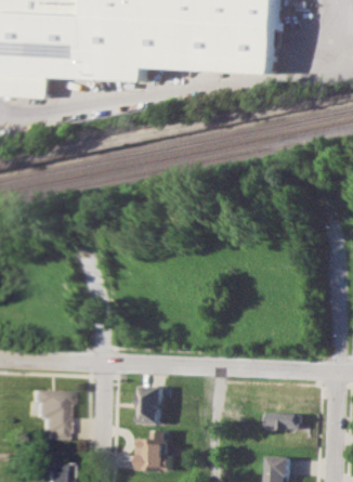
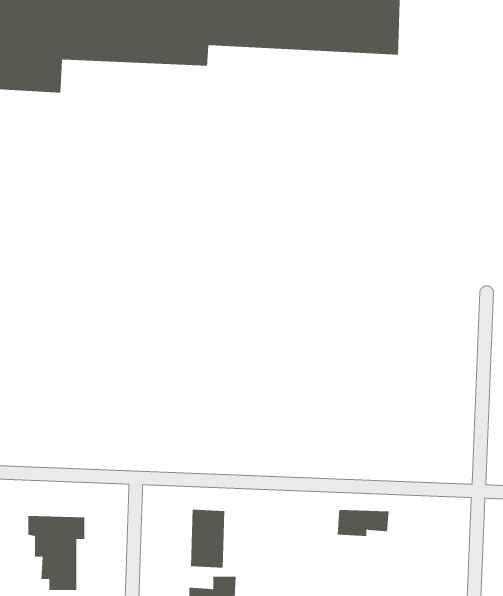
building: [267,412,303,430] -> [337,509,390,537]

